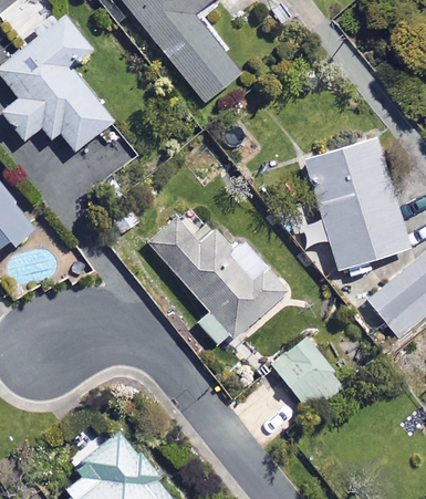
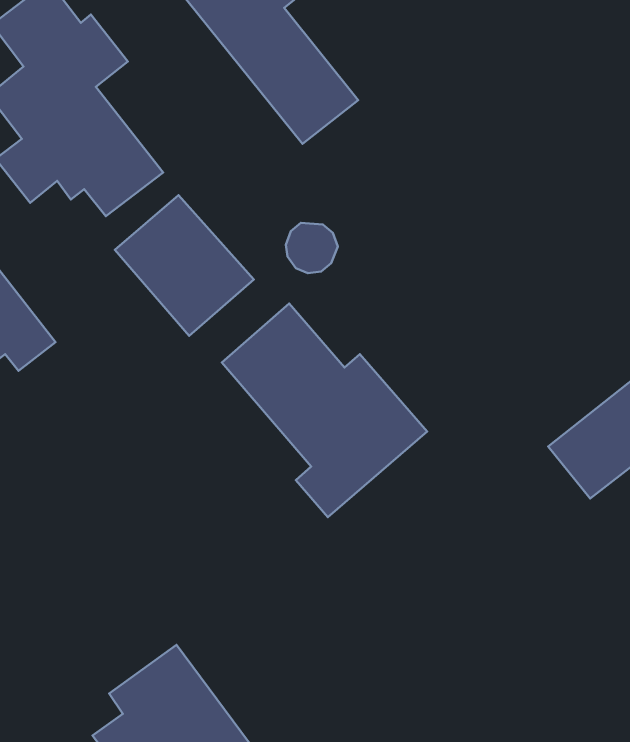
building: [304,135,408,268] -> none
building: none -> [115,195,254,336]
building: [272,339,342,412] -> none

